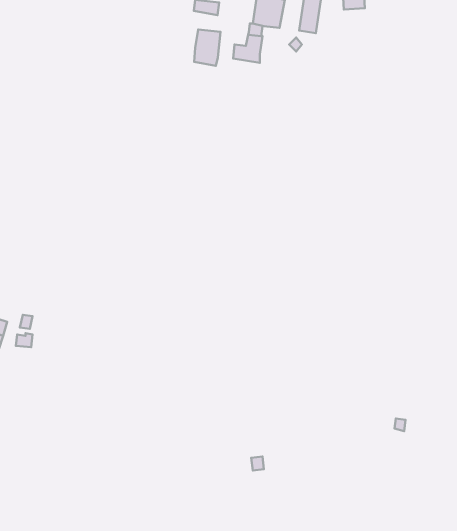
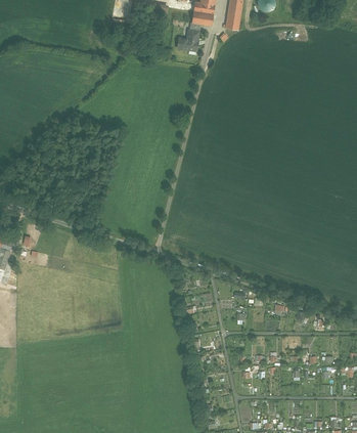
building: [194,30,221,66] -> none

